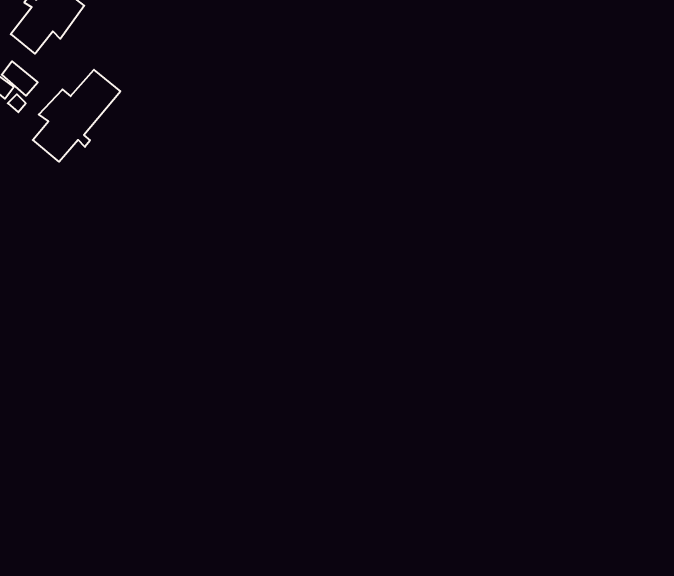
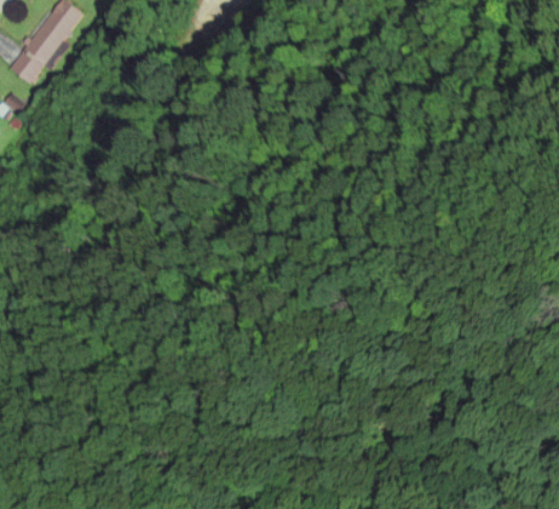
building: [33,70,120,162] -> none

